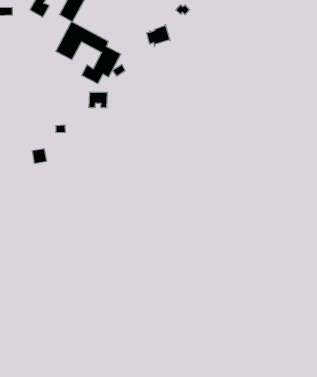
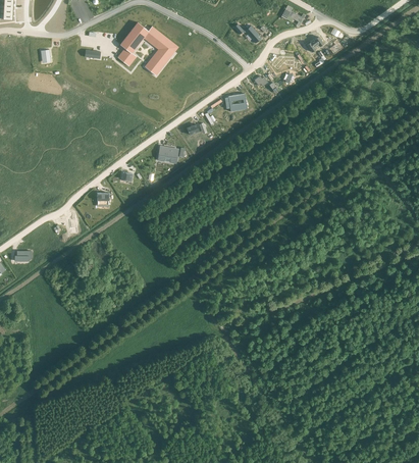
building: [56,21,121,84] -> none

